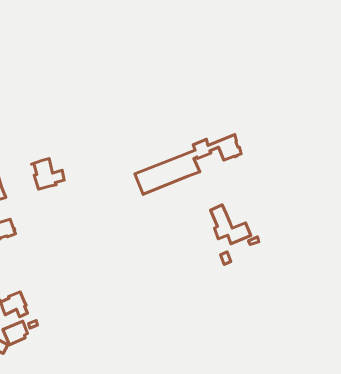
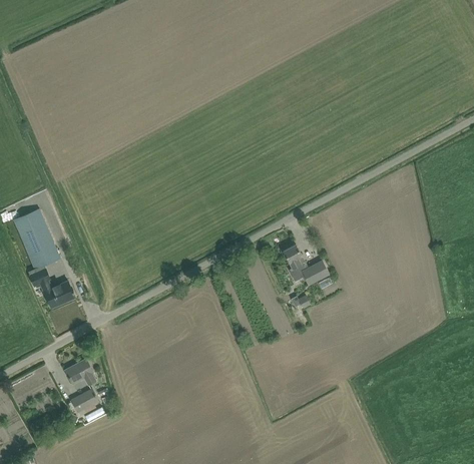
building: [135,134,241,195] -> none
building: [32,158,64,189] -> none

